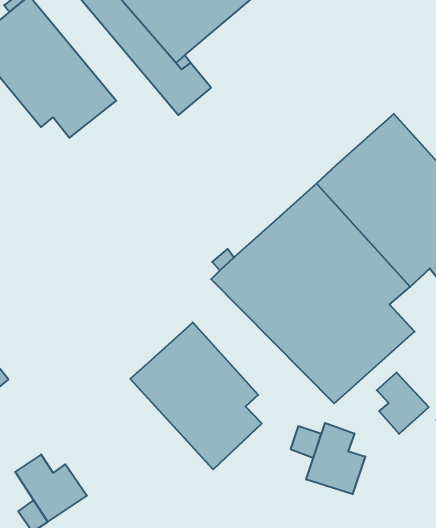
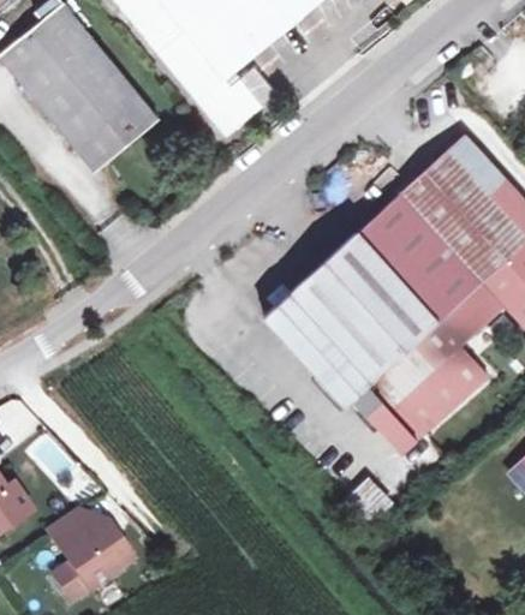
building: [130,322,262,469] -> none
building: [377,372,429,434] -> none
building: [306,423,365,494] -> none

